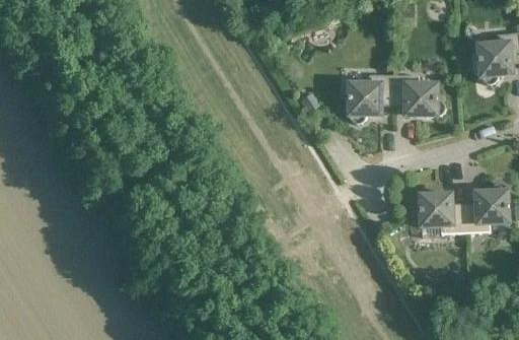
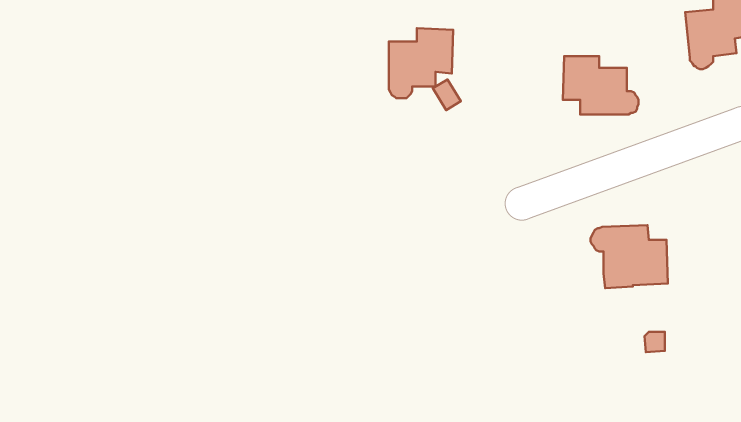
building: [348,73,392,122] -> [389,28,453,98]
building: [463,182,508,232] -> none

